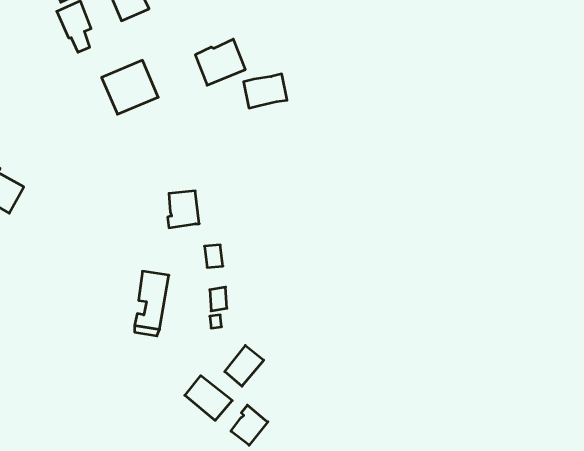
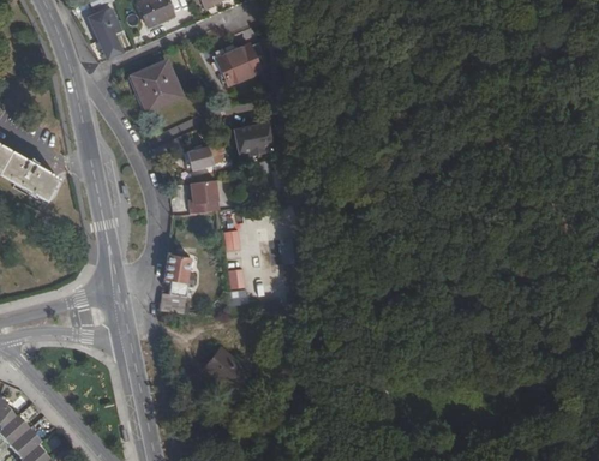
building: [244,74,287,108] -> [234,121,274,152]
building: none -> [184,145,222,168]
building: [225,345,264,386] -> none
building: [231,405,268,445] -> none

